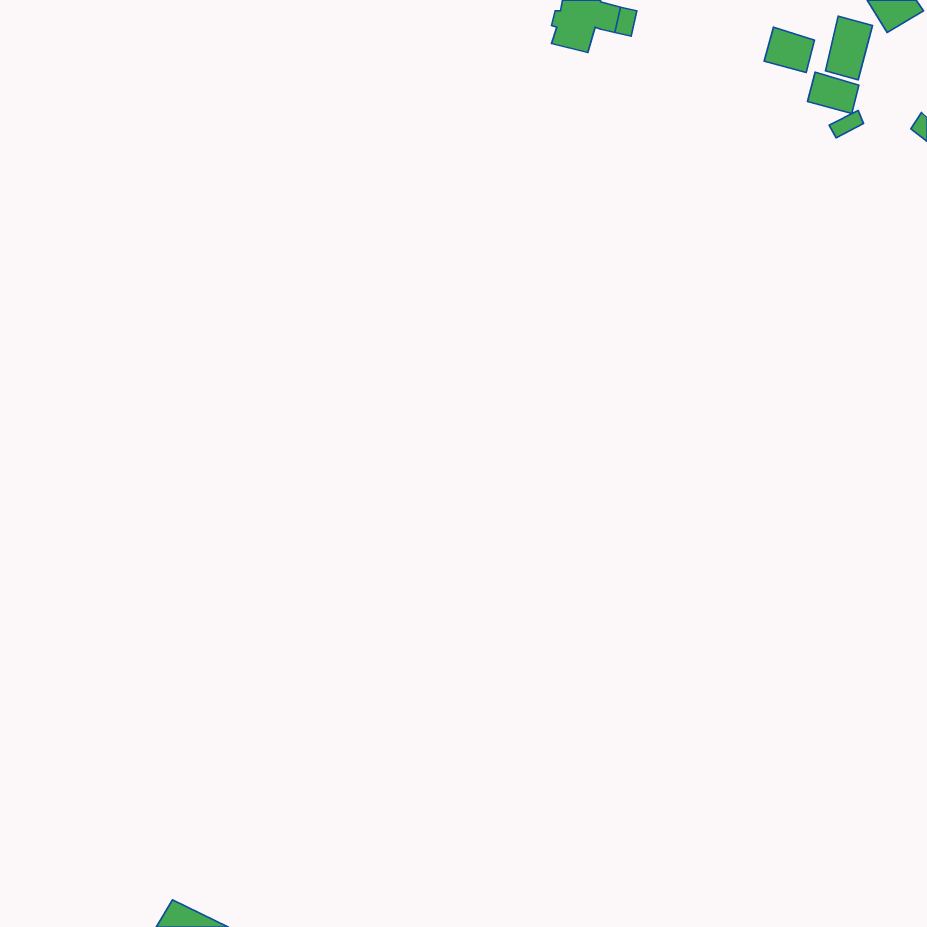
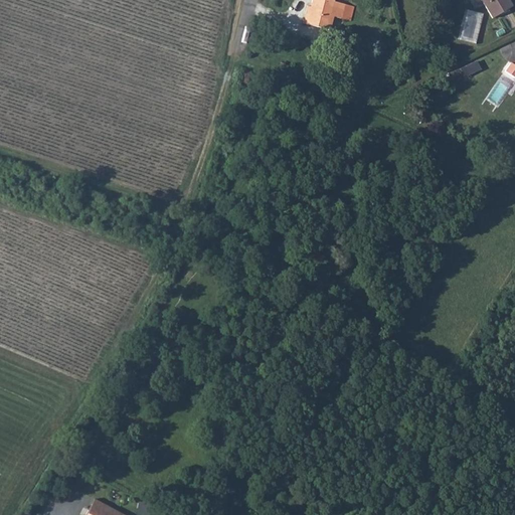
building: [764,27,815,72] -> none
building: [807,72,859,113] -> none

